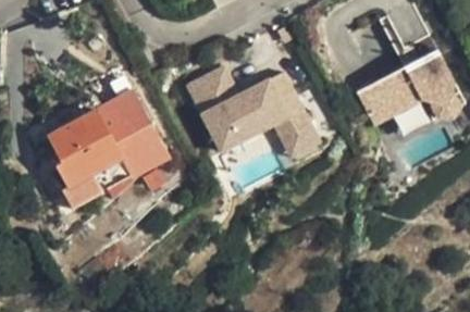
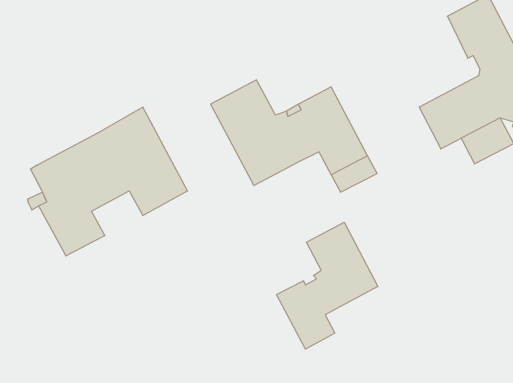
building: none -> [277,222,378,349]

